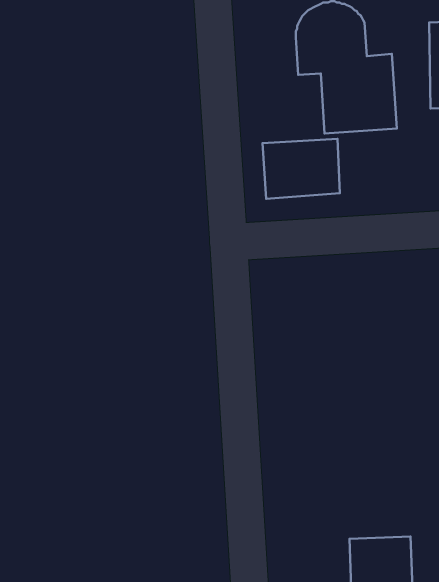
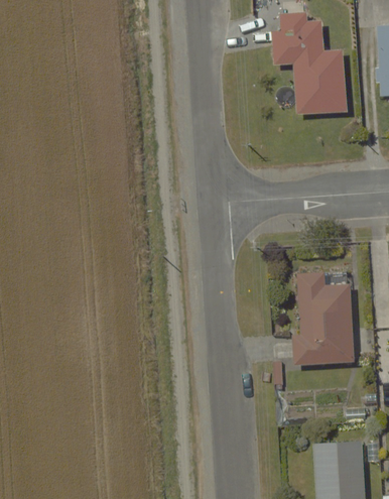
building: [262,139,340,199] -> none
building: none -> [291,272,352,365]

